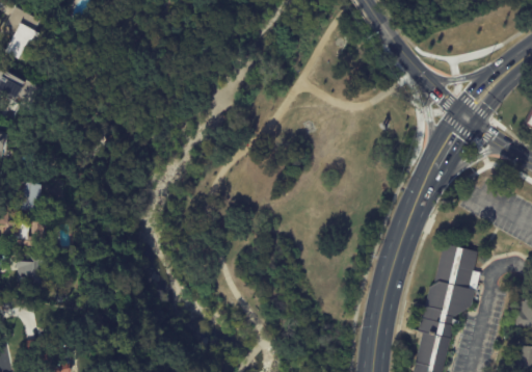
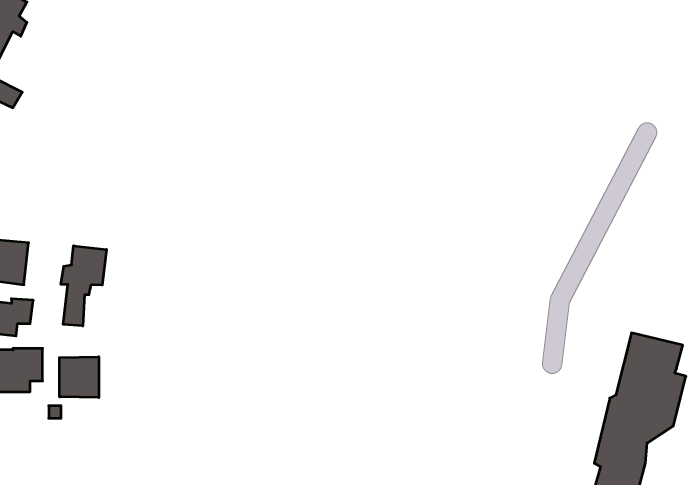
building: none -> [61,246,106,326]
building: none -> [59,357,99,398]

